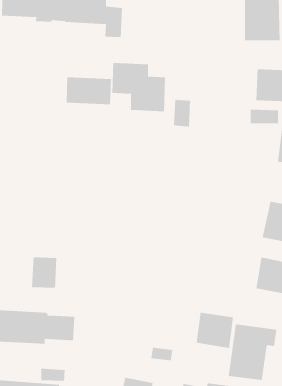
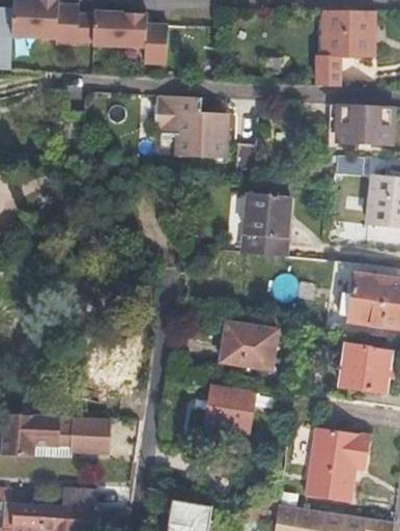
building: [66,77,111,105] -> none
building: none -> [242,194,290,257]
building: none -> [220,322,276,367]
building: [31,257,57,289] -> none
building: [196,312,234,349] -> [204,385,253,431]

